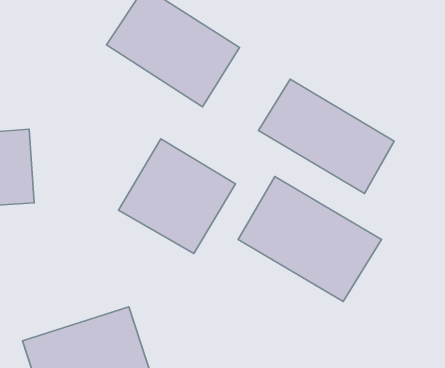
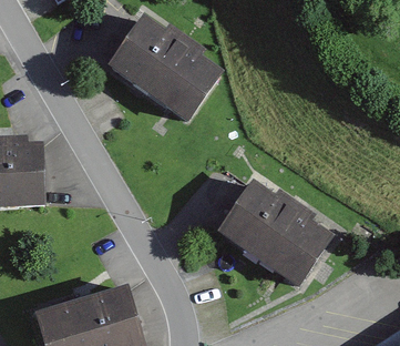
building: [258,79,394,193] -> none
building: [119,139,235,254] -> none

